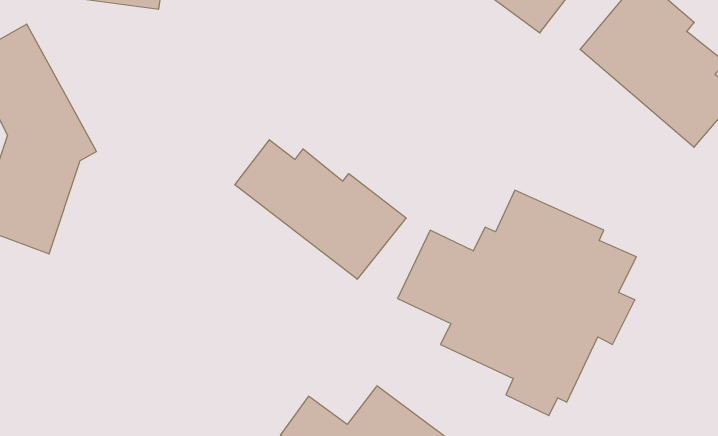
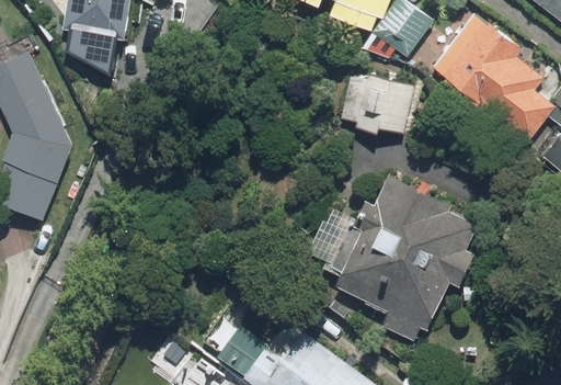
building: none -> [342,73,414,135]
building: [235,140,406,279] -> none

